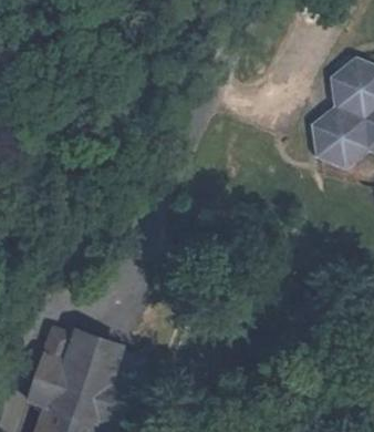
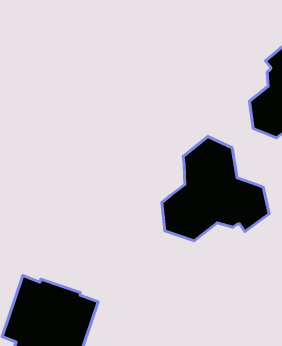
building: none -> [162,137,269,241]

